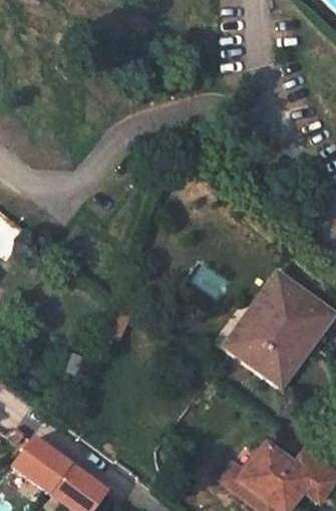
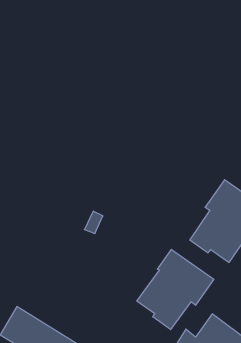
building: none -> [137,249,214,330]

